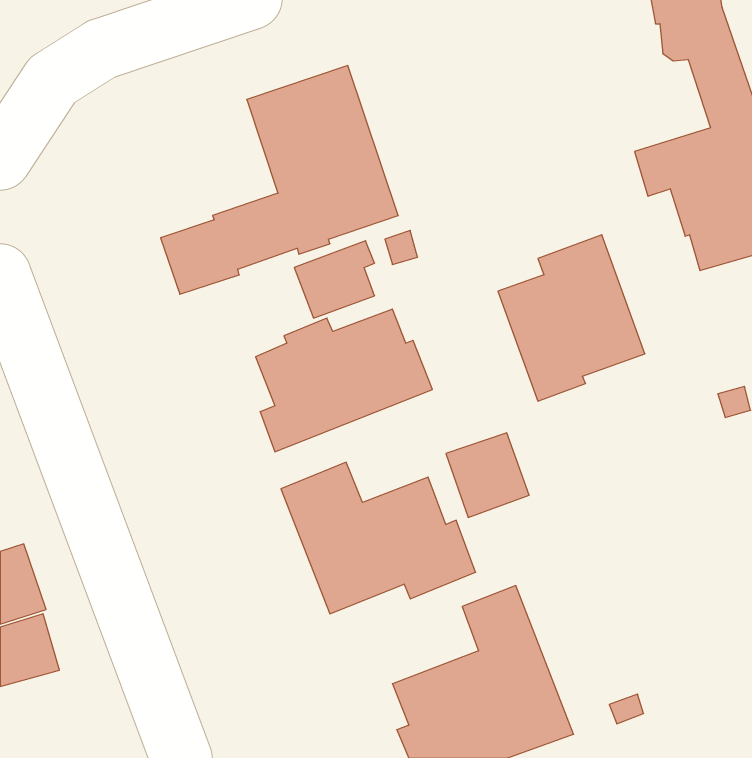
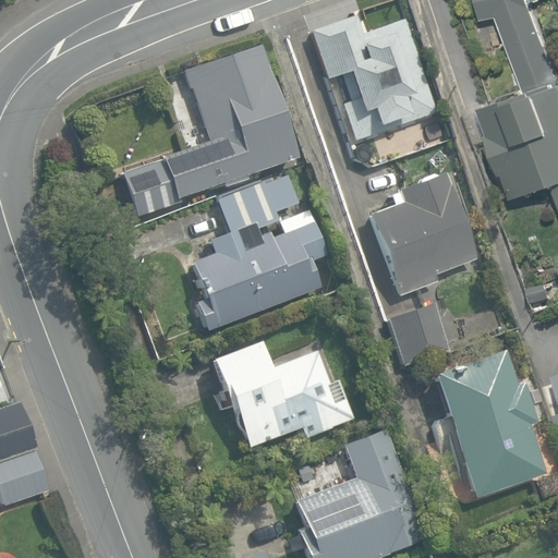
building: none -> [312,15,438,140]
building: [446,433,529,517] -> [390,303,451,365]
building: none -> [432,348,545,496]

